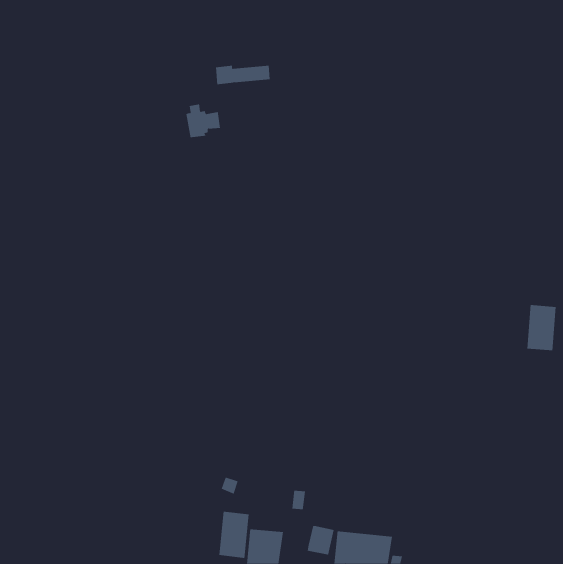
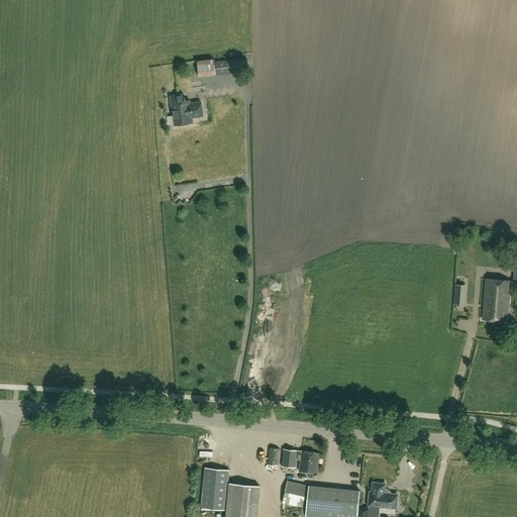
building: none -> [281,449,317,473]
building: none -> [368,483,397,508]

